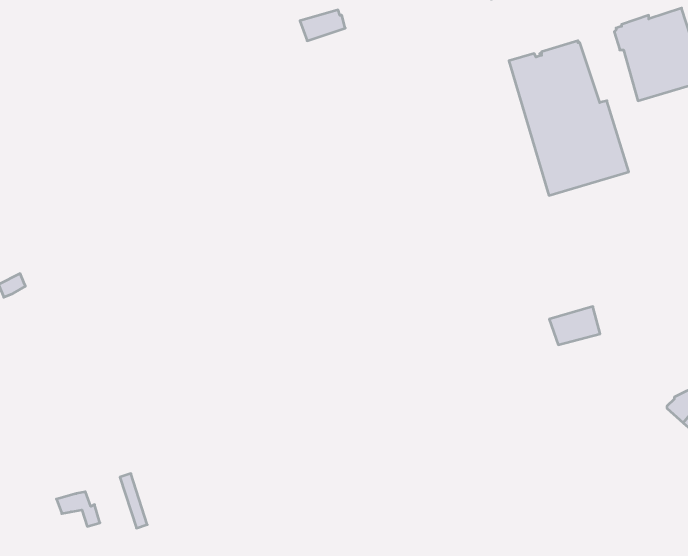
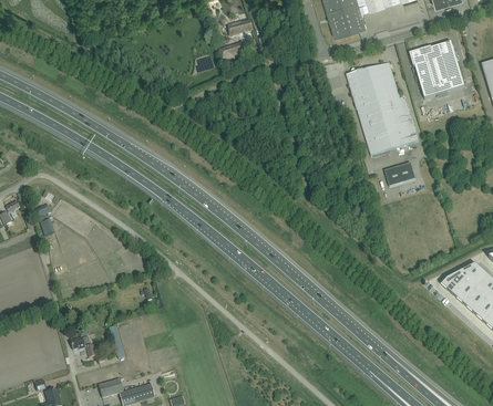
building: [549,307,600,345] -> [384,164,415,187]

